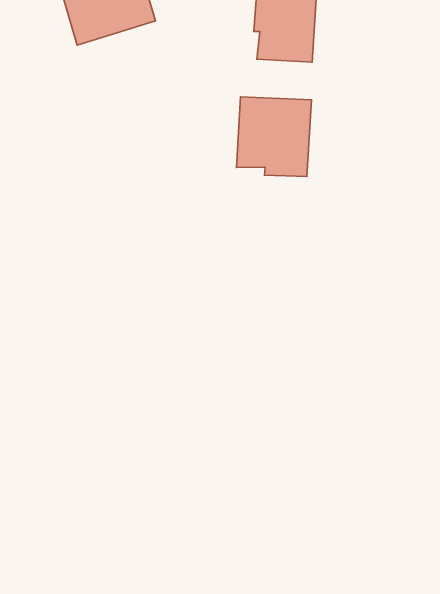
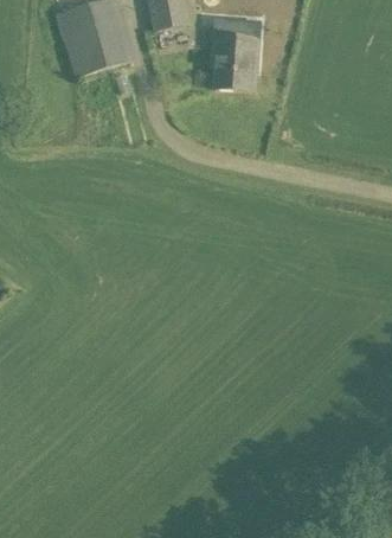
building: [237,97,312,176] -> none

